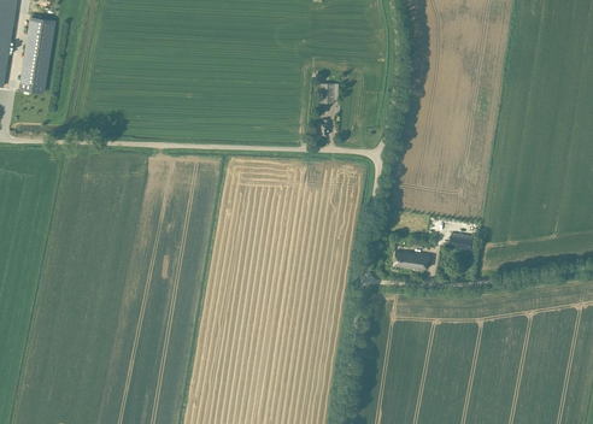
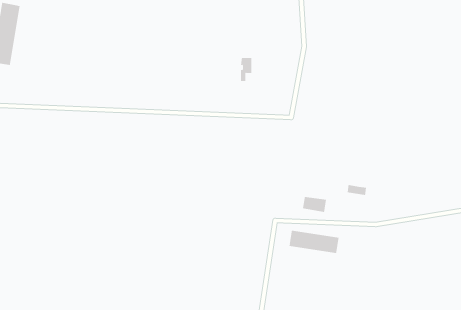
building: none -> [289,230,339,254]

